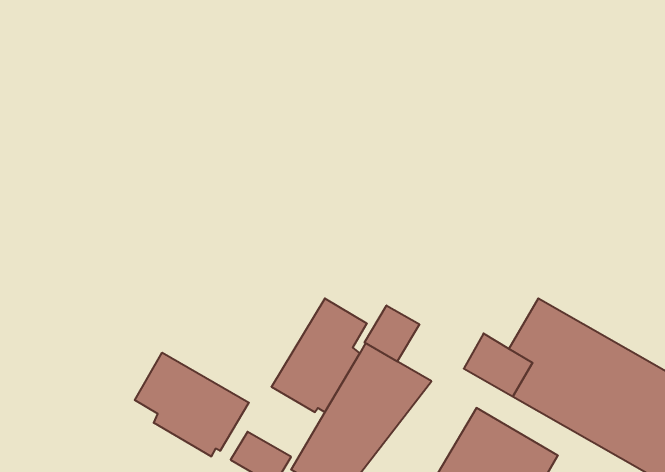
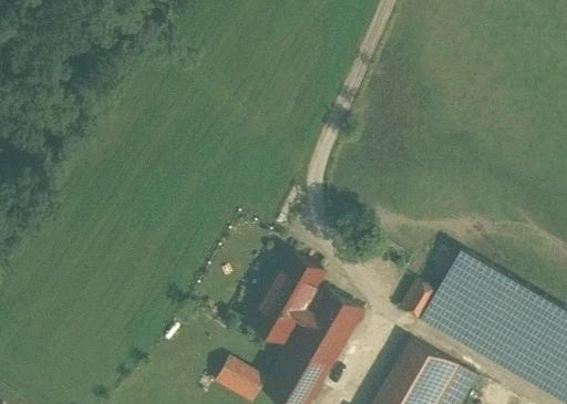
building: [365,305,419,362] -> none
building: [135,353,249,457] -> none

